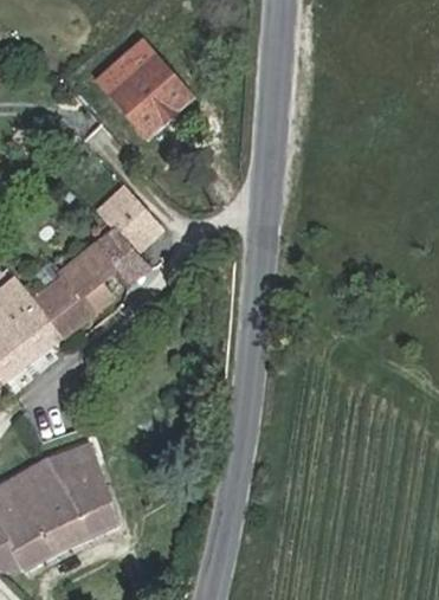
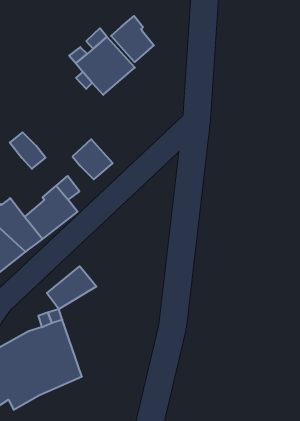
building: none -> [111,16,154,62]
building: [97,232,147,283] -> [10,132,46,169]
building: none -> [47,266,96,309]

